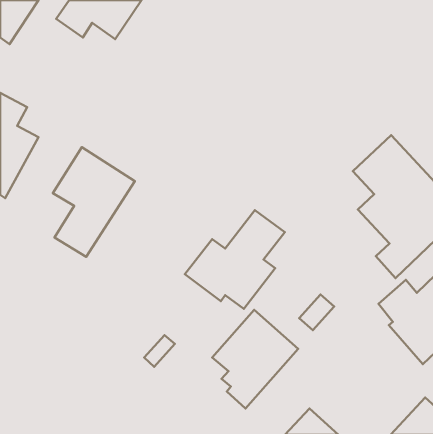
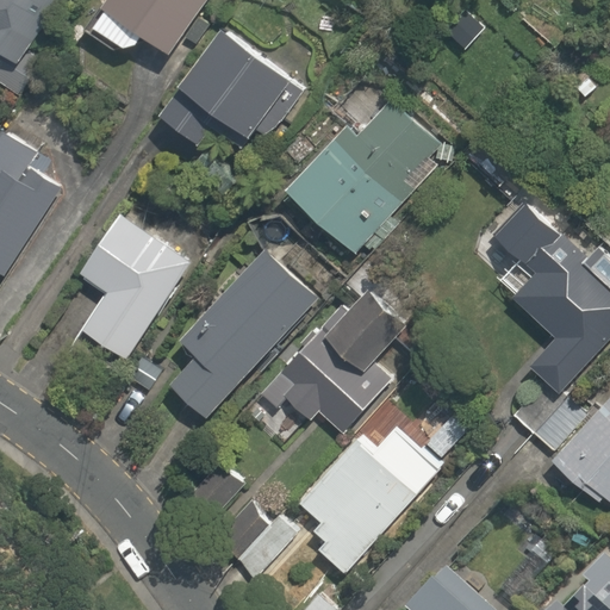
building: none -> [154,25,305,143]
building: none -> [275,104,444,260]
building: none -> [178,239,319,421]
building: none -> [220,504,298,573]

